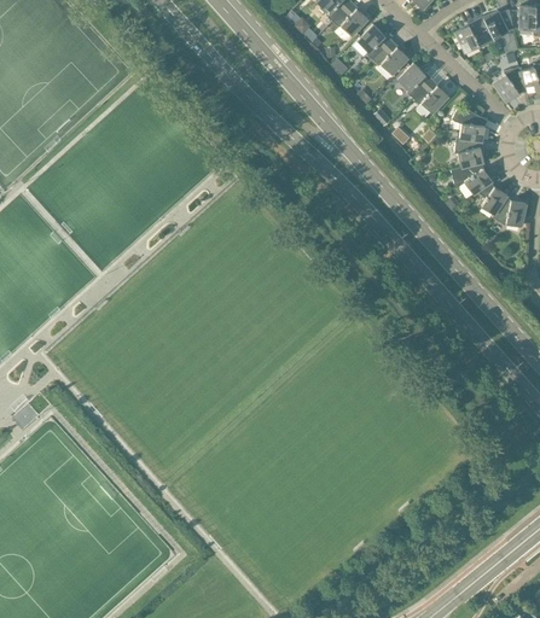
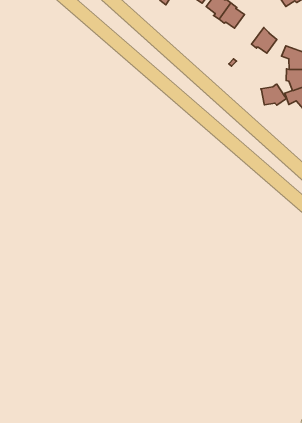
building: [397,62,432,98] -> none
building: none -> [261,84,287,105]

